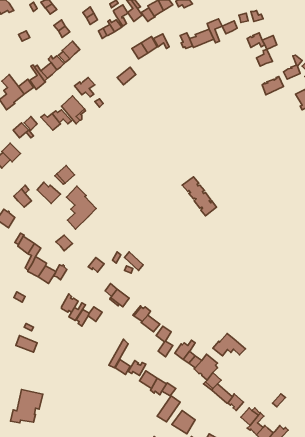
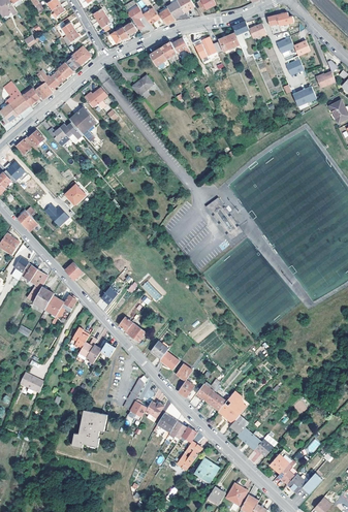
building: [66,186,96,229] -> none
building: [213,334,245,356] -> none
building: [10,390,43,423] -> [71,410,107,447]

